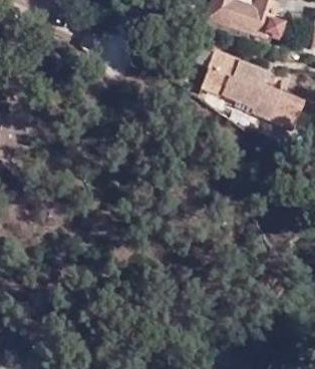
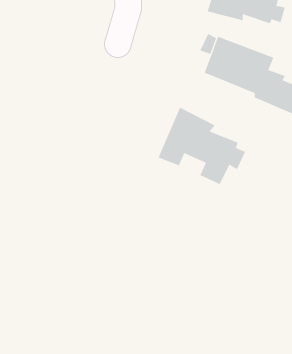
building: none -> [158,107,246,185]

